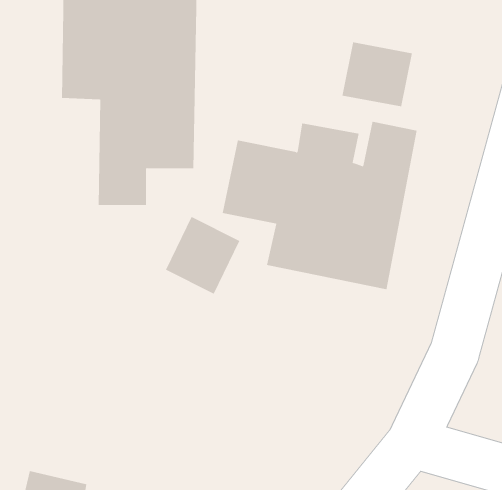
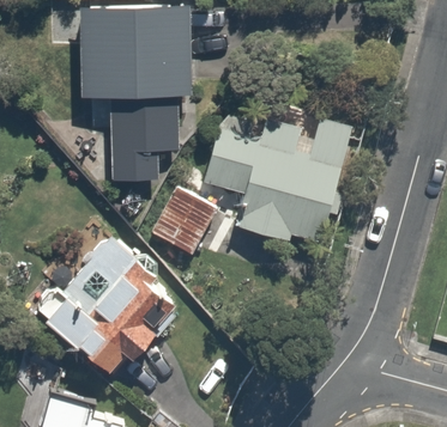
building: [342,41,412,107] -> none
building: none -> [37,227,187,377]

